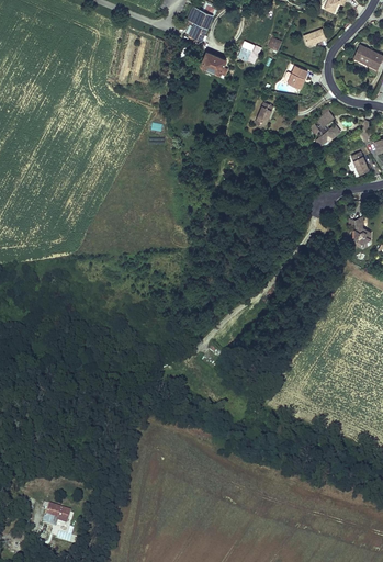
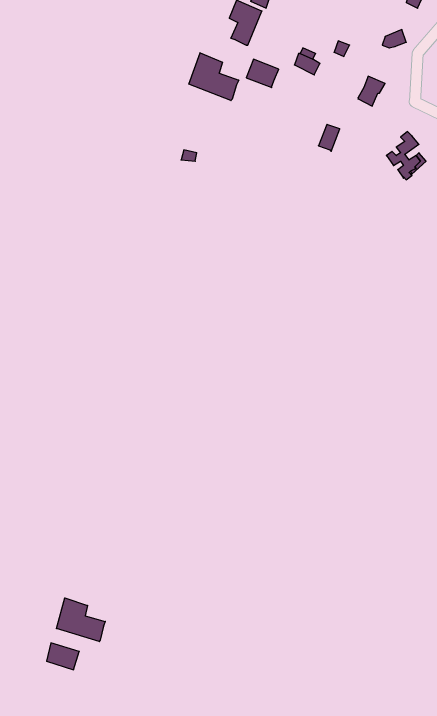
building: none -> [189,53,239,101]
building: none -> [56,598,105,642]

